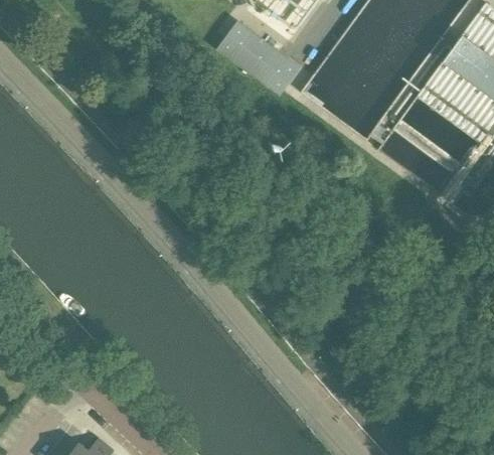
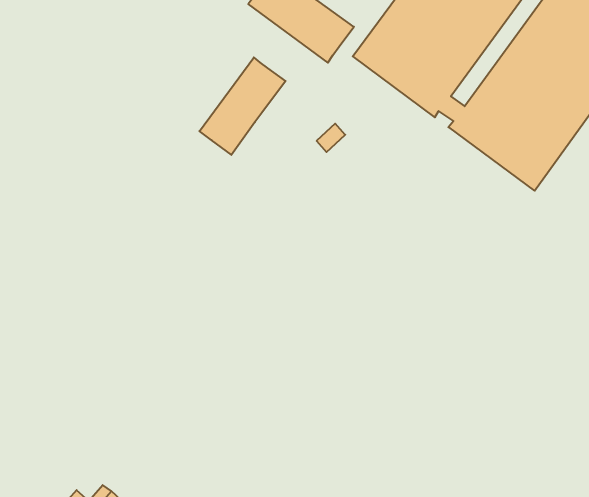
building: none -> [199,57,286,155]

